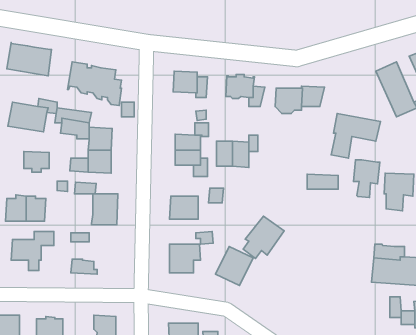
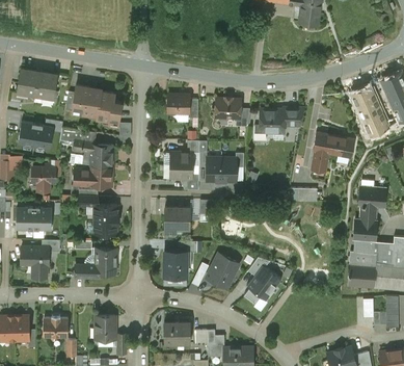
building: [353,160,380,198] -> [353,219,377,254]
building: [243,216,284,258] -> [244,266,281,305]
building: none -> [96,249,116,274]

